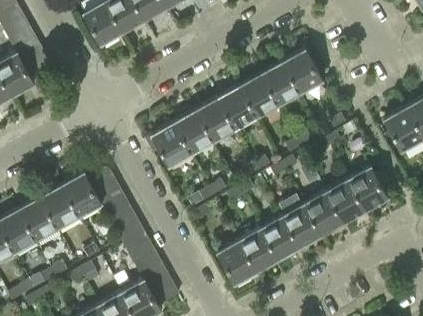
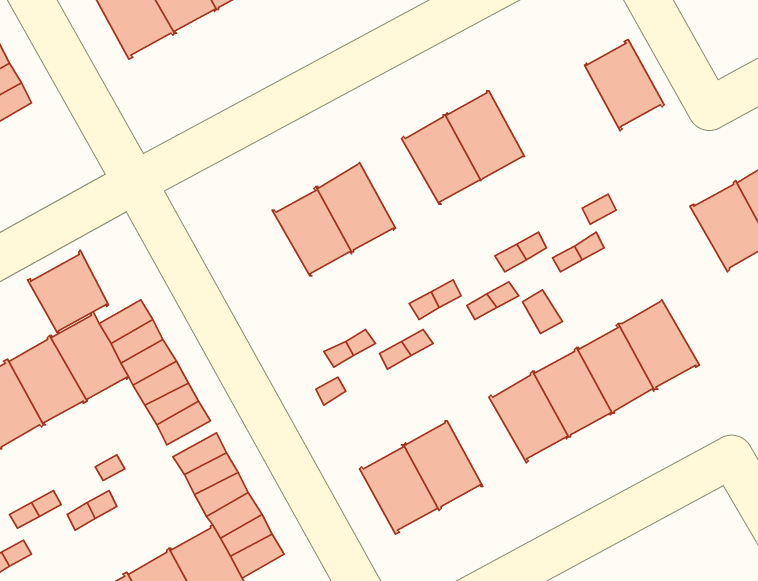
building: [282,48,322,94] -> [584,39,664,131]
building: [217,85,257,130] -> none
building: [151,121,192,167] -> none
building: none -> [27,250,108,333]
building: [261,215,301,260] -> none

